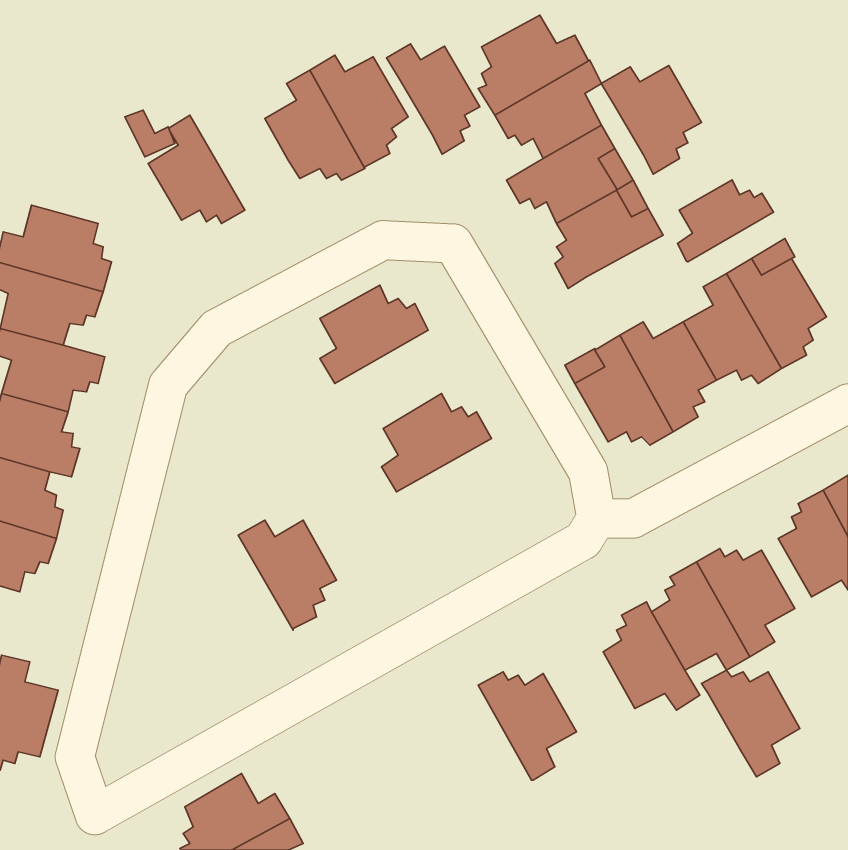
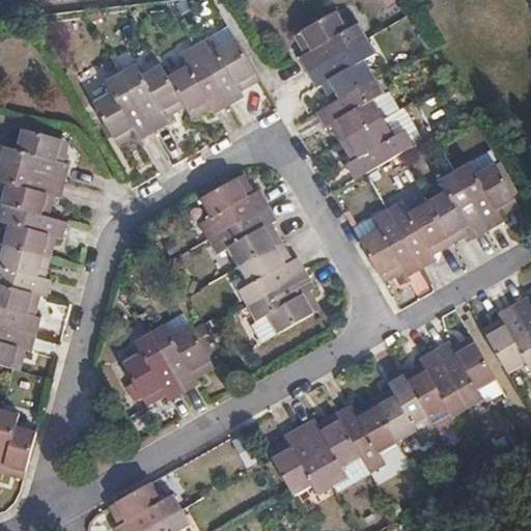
building: [386,44,480,154] -> none
building: [601,65,702,174] -> none
building: none -> [118,62,179,131]
building: [677,180,774,262] -> none
building: none -> [208,205,275,267]
building: none -> [247,273,314,333]
building: none -> [121,333,183,400]
building: [701,670,800,777] -> [334,404,395,471]
building: none -> [272,426,331,494]

